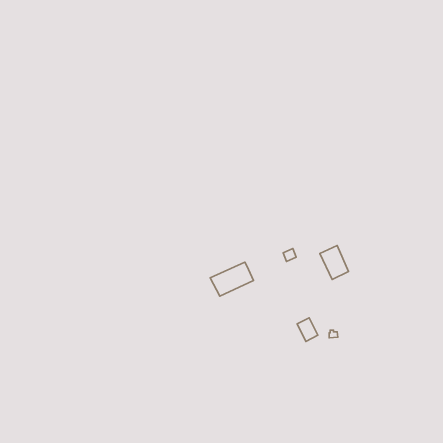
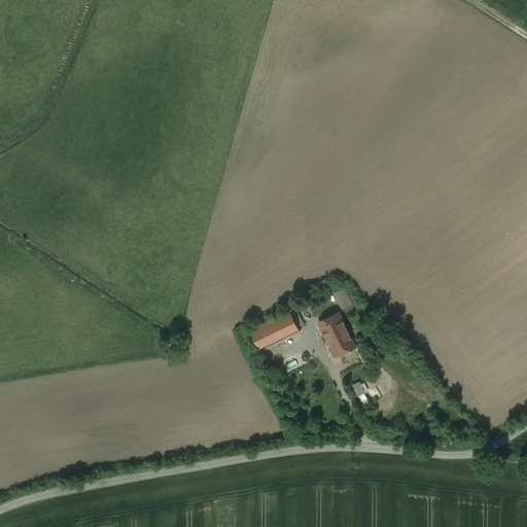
building: [320,246,349,279] -> [318,314,352,354]

